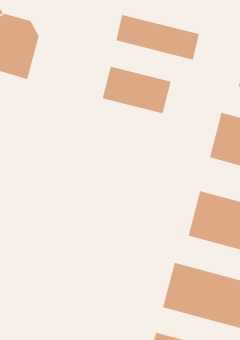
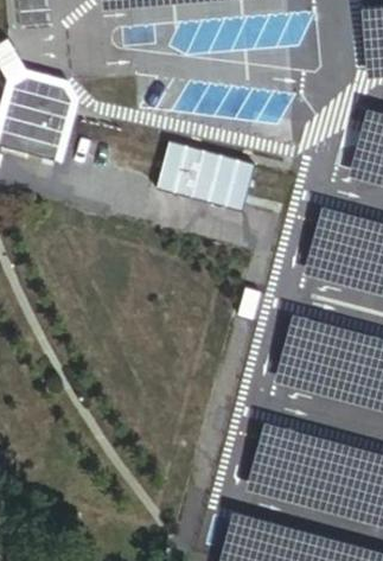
building: [116,14,199,60] -> none

